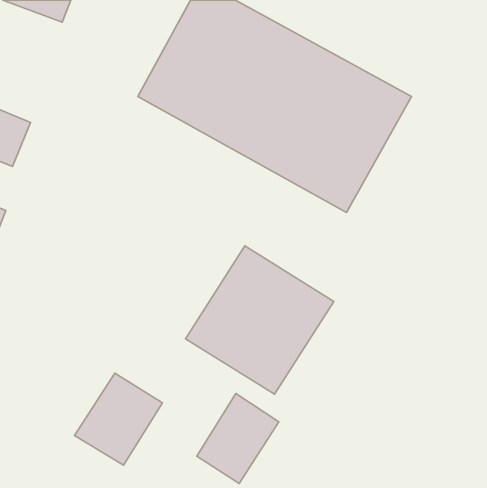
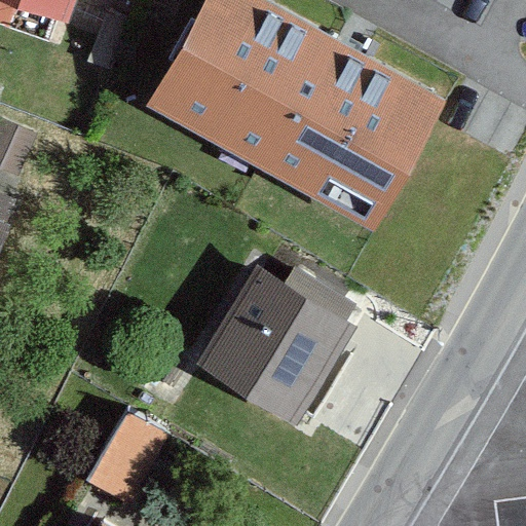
building: [197,393,279,484] -> none

